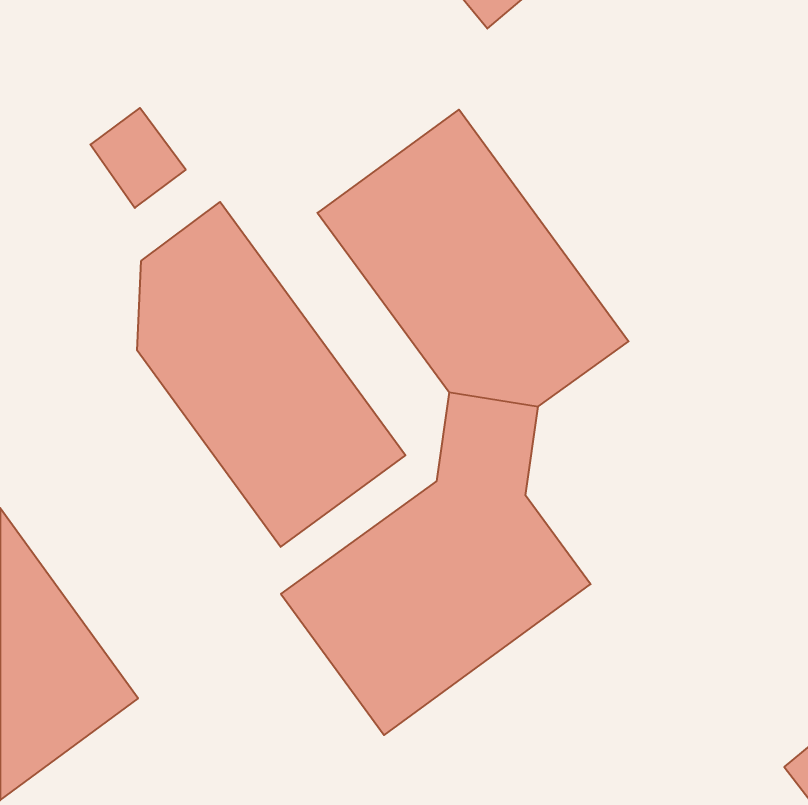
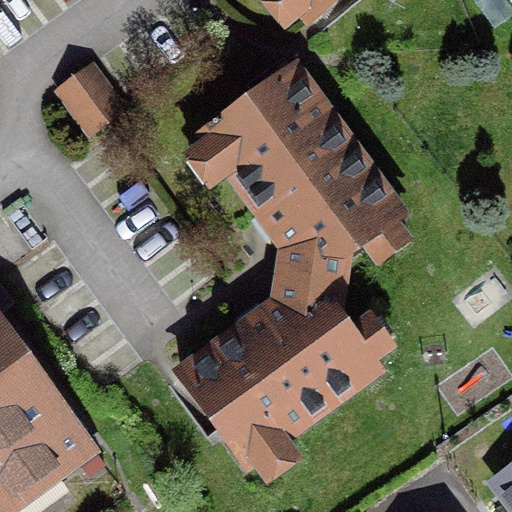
building: [137,202,405,547] -> none

